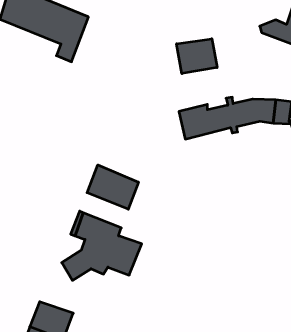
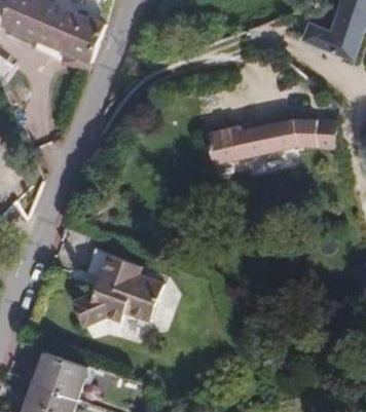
building: [177,39,217,74] -> none
building: [87,165,138,209] -> none

